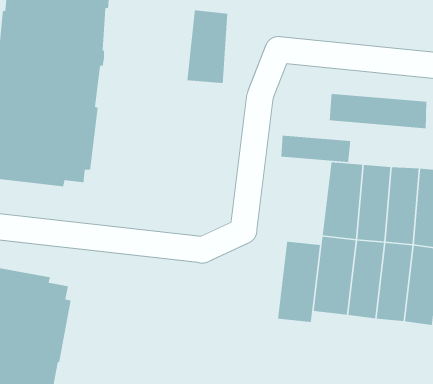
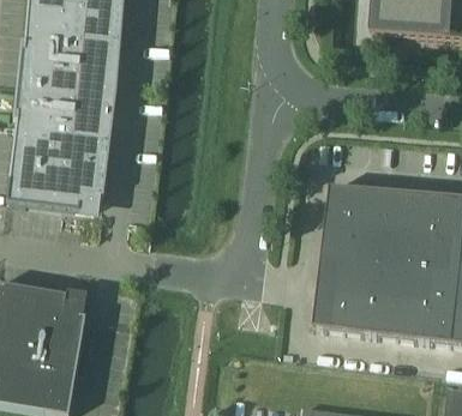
building: [187,10,228,84] -> none
building: [329,93,427,129] -> none
building: [280,135,351,163] -> none
building: [277,241,321,323] -> none

